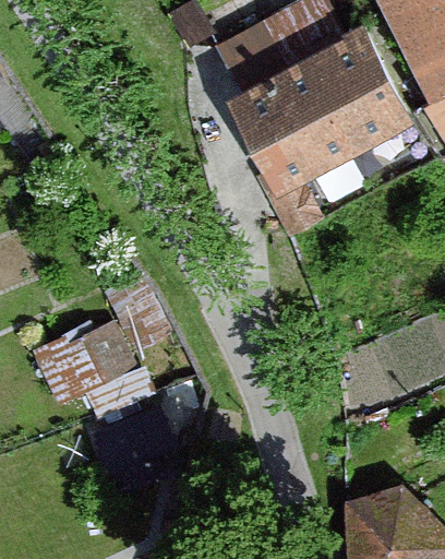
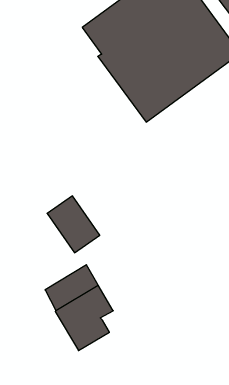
building: [51,319,152,401] -> none

